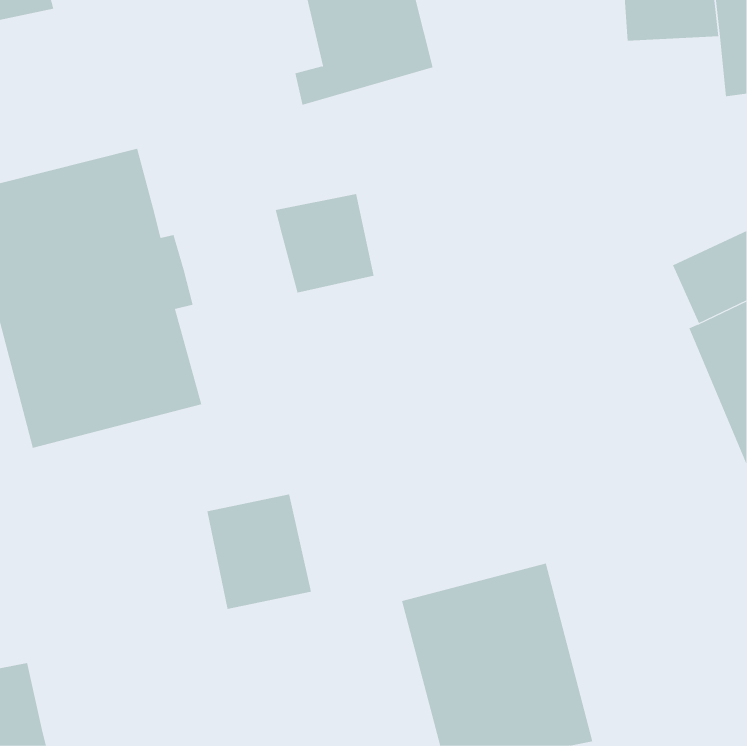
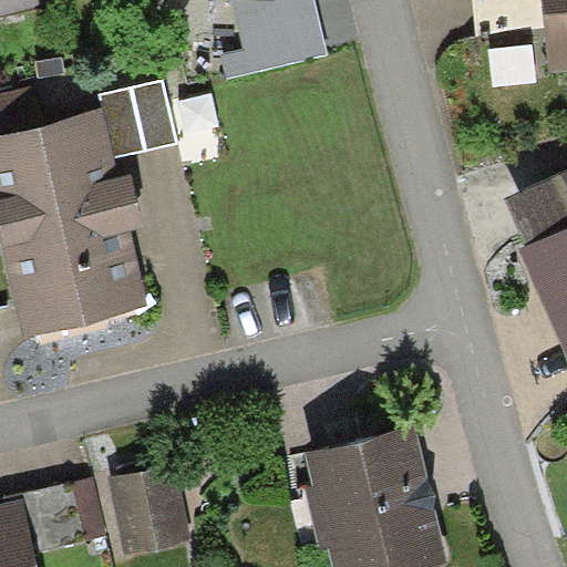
building: [275,194,375,293] -> [100,82,175,157]
building: [206,494,312,609] -> [110,467,189,555]
building: none -> [21,478,105,550]

